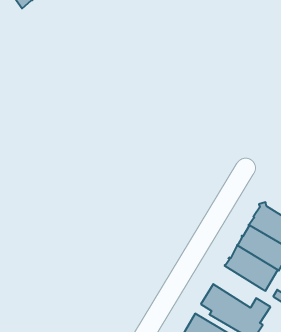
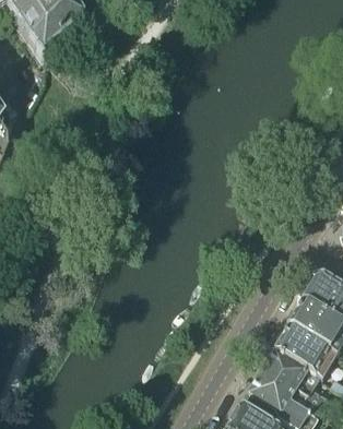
building: none -> [262,343,318,391]

